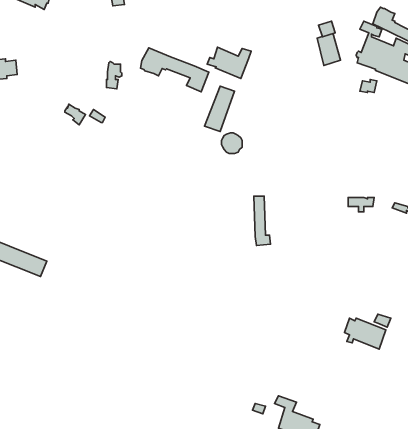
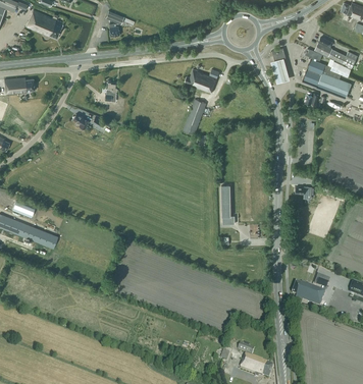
building: [140,48,209,92] -> none

